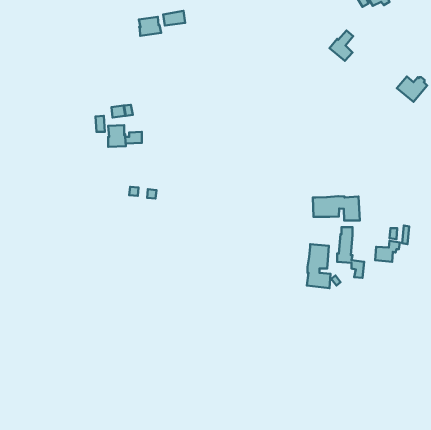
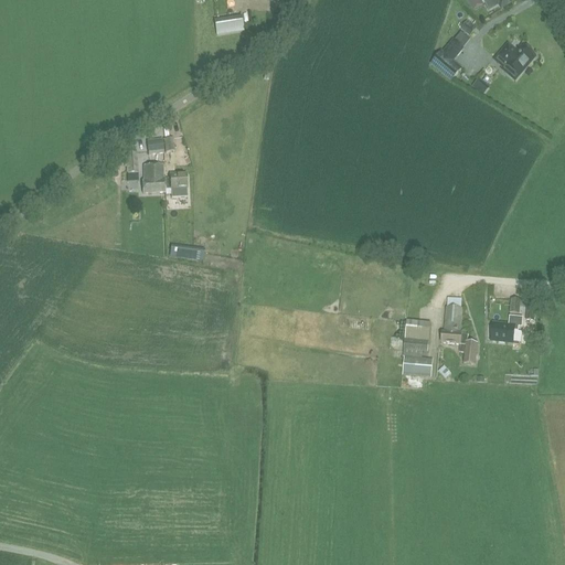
building: [139,17,161,36] -> none
building: [397,76,427,102] -> [494,43,534,76]
building: [313,196,360,220] -> none

